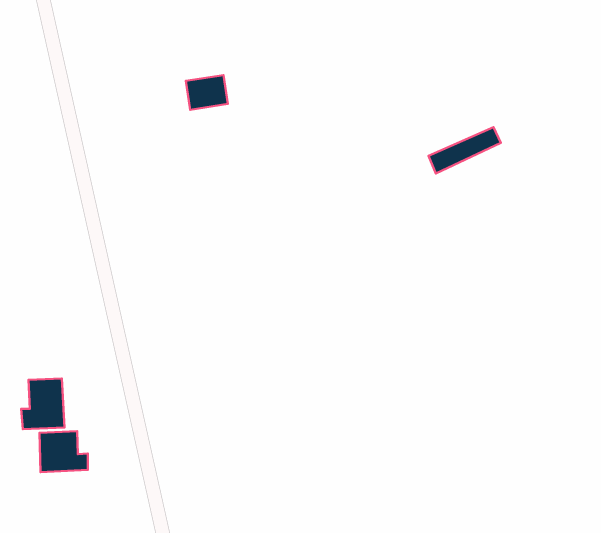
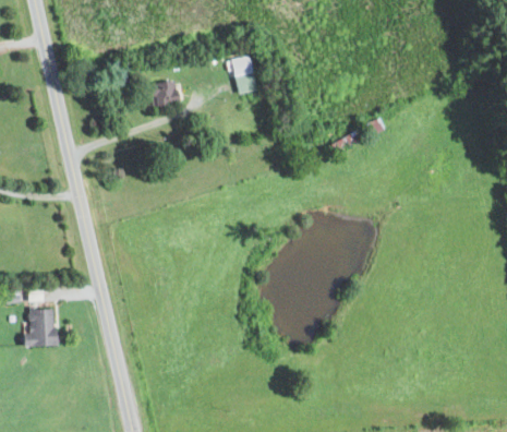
building: none -> [226,56,257,94]
building: [40,431,88,472] -> none

